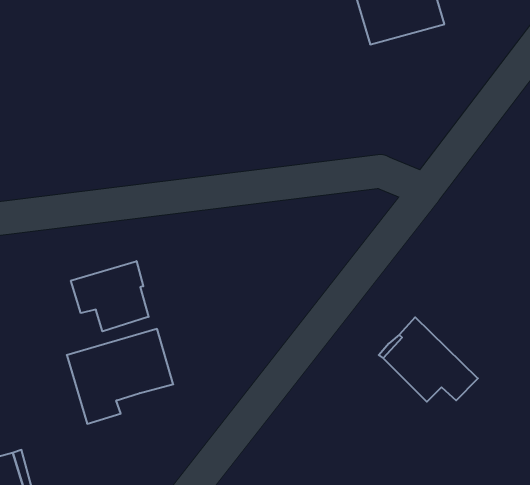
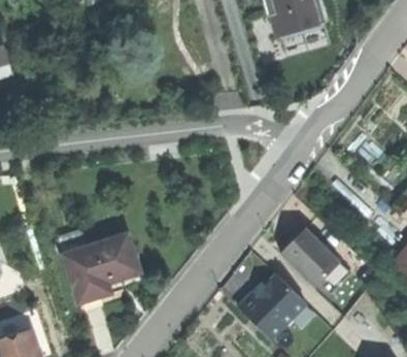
building: [71,261,149,331] -> none
building: none -> [239,272,308,337]

